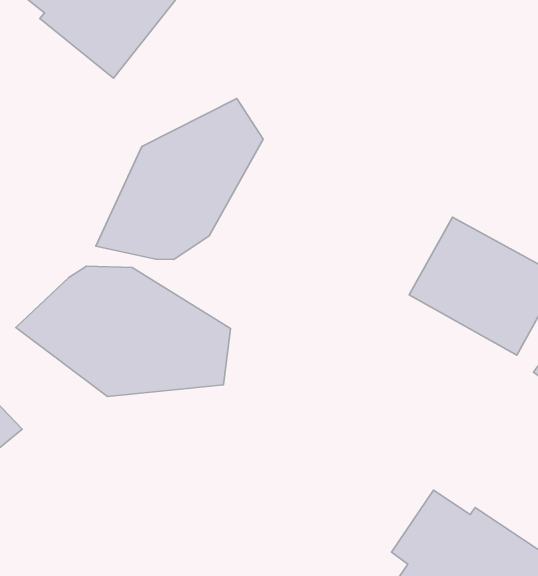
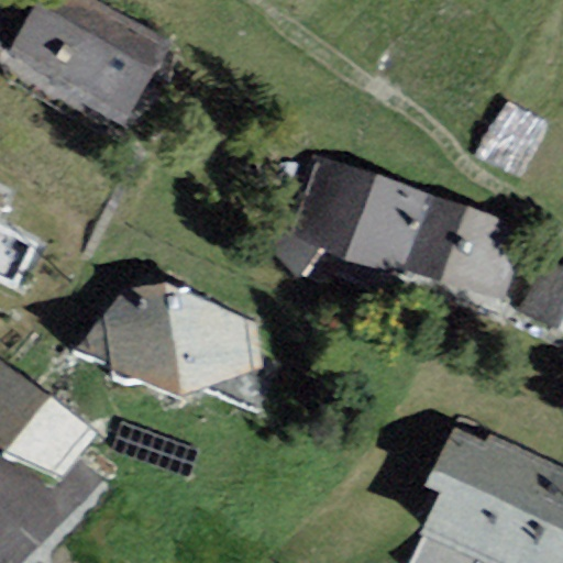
building: [96,98,263,259] -> none
building: none -> [295,158,428,274]

